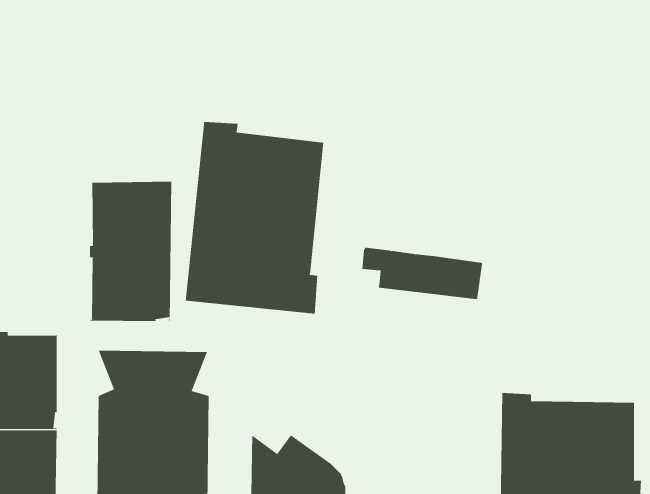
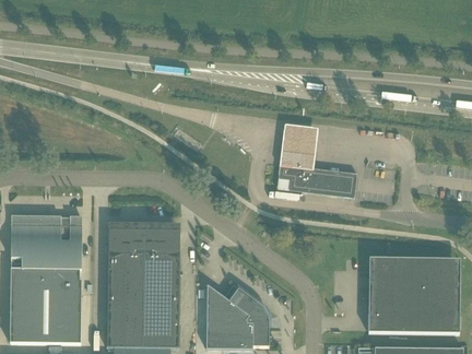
building: [185,121,324,314] -> none
building: [89,181,172,322] -> none
building: none -> [281,121,318,167]

